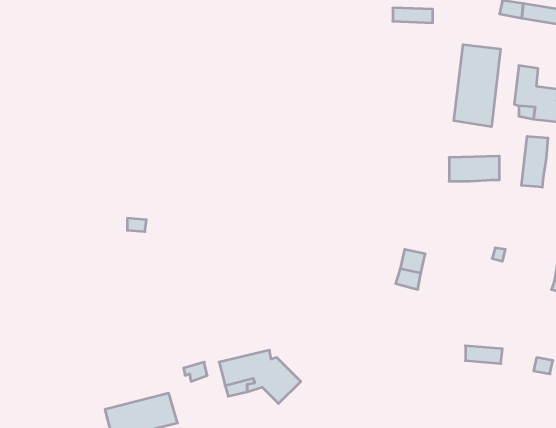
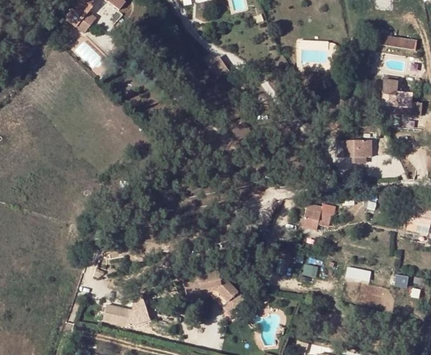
building: [454,45,500,127] -> none
building: [522,136,548,187] -> none

